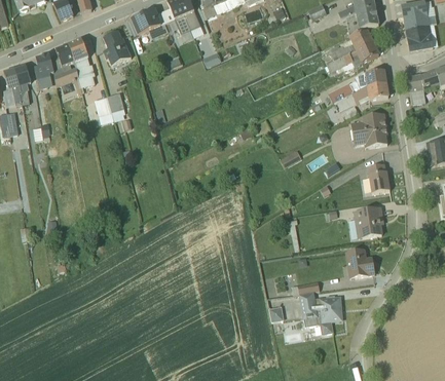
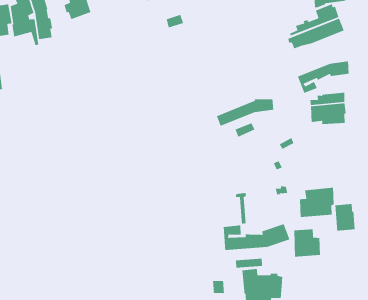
building: [329,70,385,102] -> [216,98,274,127]
building: [95,93,123,114] -> none
building: [367,163,390,192] -> [334,203,356,231]
building: none -> [223,223,291,251]

